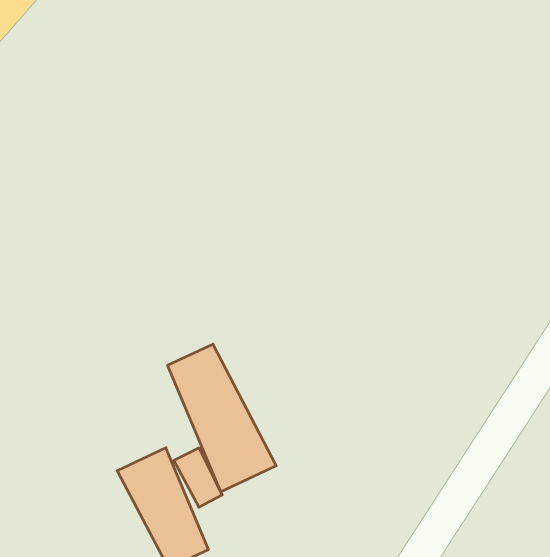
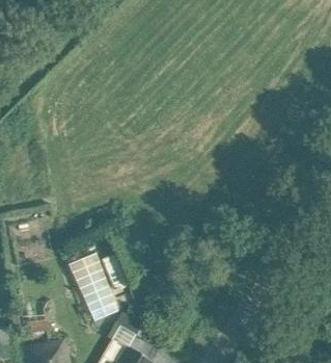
building: [168,344,276,492] -> none

